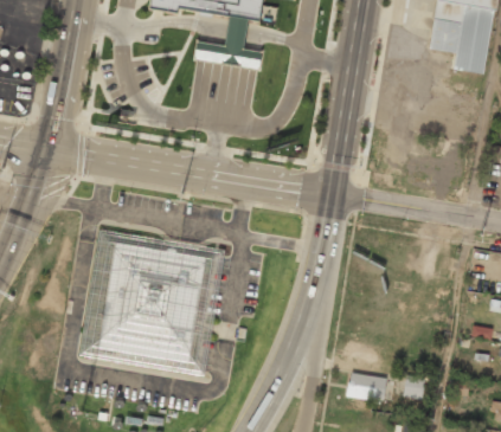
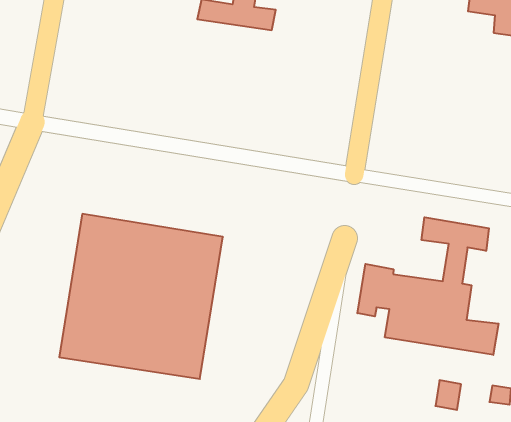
building: none -> [357,217,499,355]
building: [347,373,387,402] -> none

